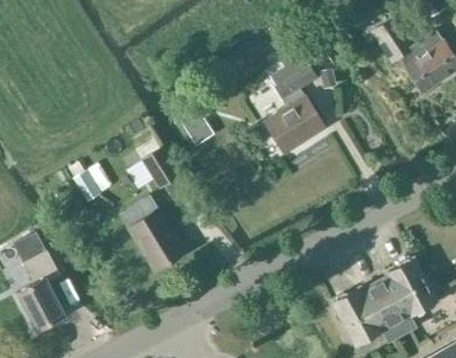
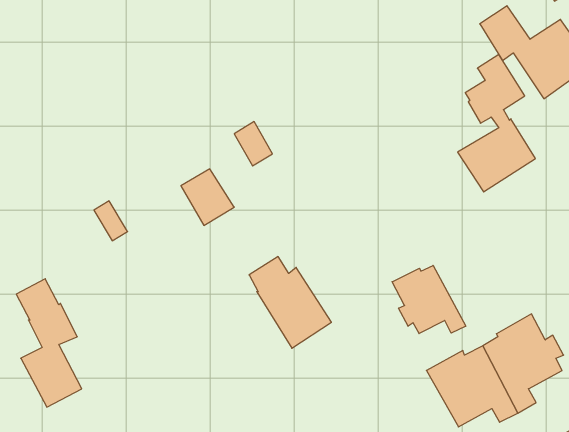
building: [264,46,325,153] -> [458,55,535,192]
building: [122,200,186,271] -> [249,257,331,348]
building: none -> [392,265,466,334]

